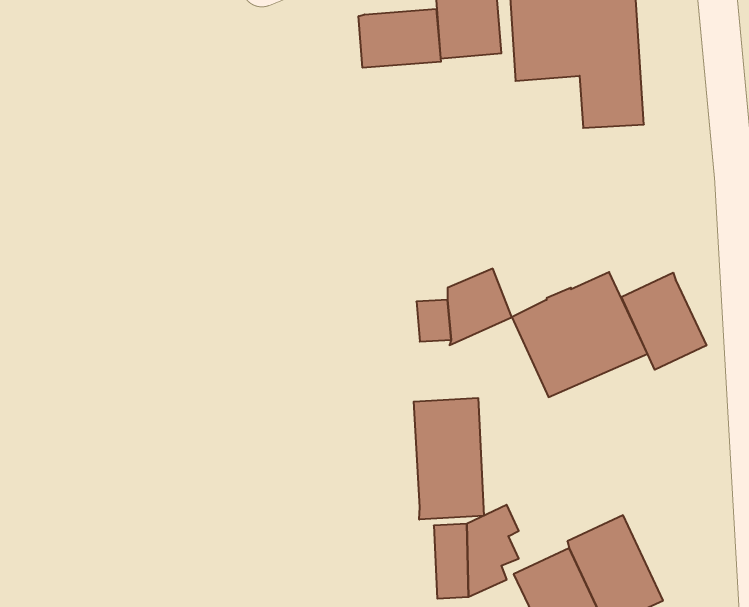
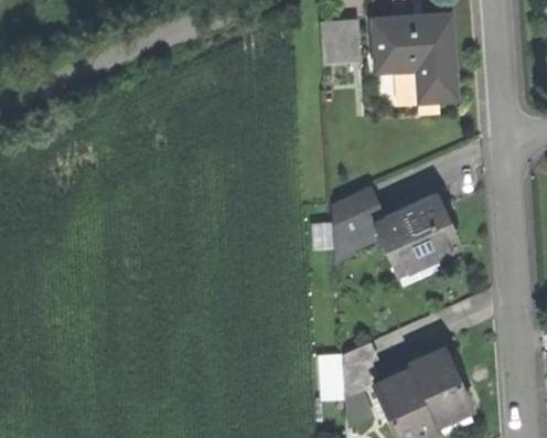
building: [359,9,441,68] -> none
building: [621,273,706,370] -> none
building: [414,398,484,520] -> none

